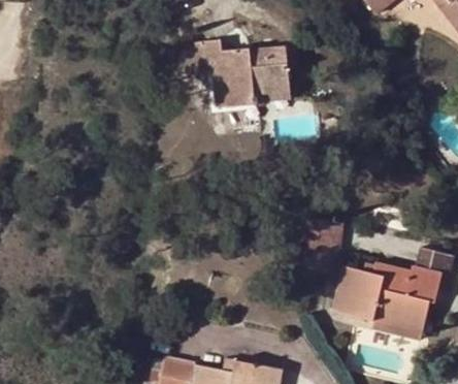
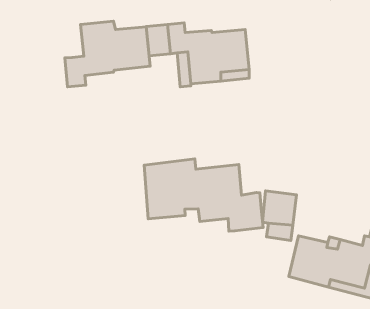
building: none -> [65,21,150,87]
building: none -> [144,159,263,231]

